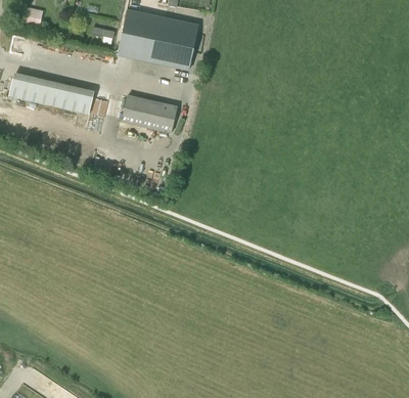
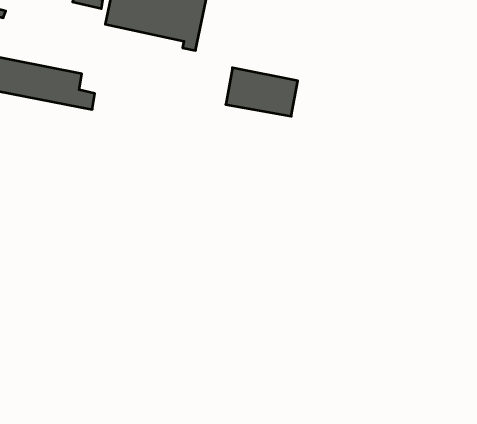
building: [124,95,180,133] -> [226,68,298,116]

